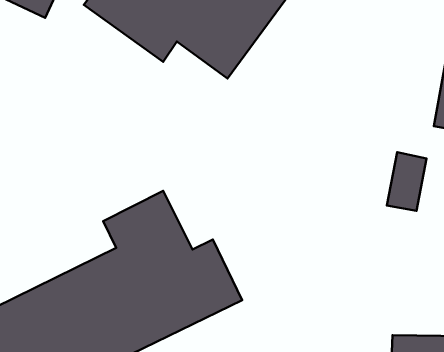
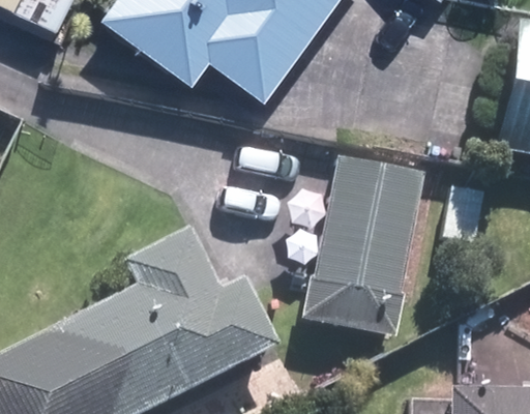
building: none -> [301,159,422,342]

